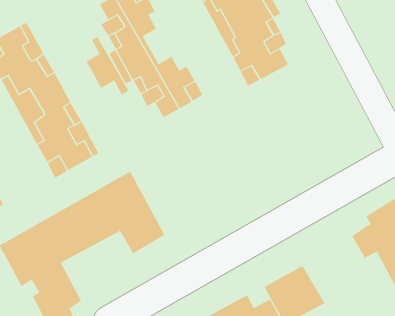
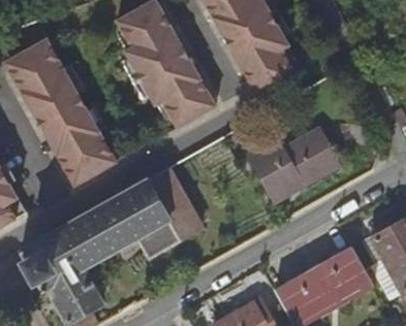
building: [86,37,129,95] -> [159,28,200,84]
building: none -> [249,129,340,201]
building: none -> [147,169,199,240]
building: none -> [311,247,371,305]

